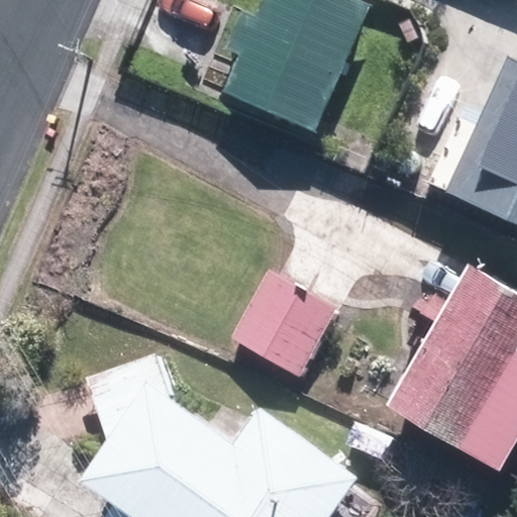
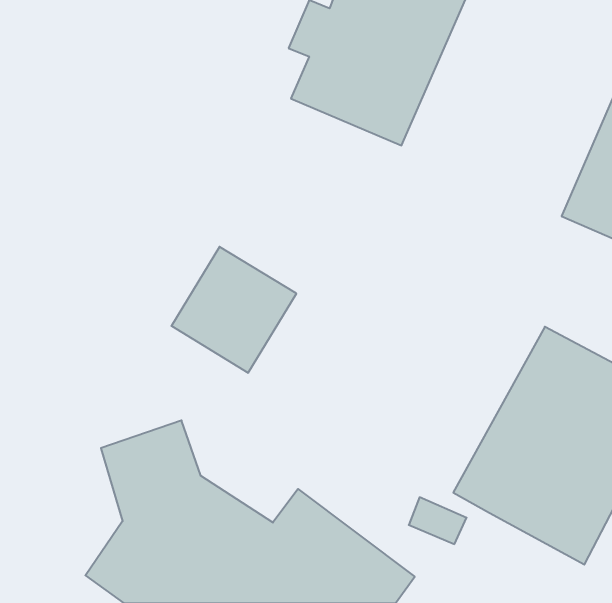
building: [230,270,335,376] -> [171,247,296,373]

